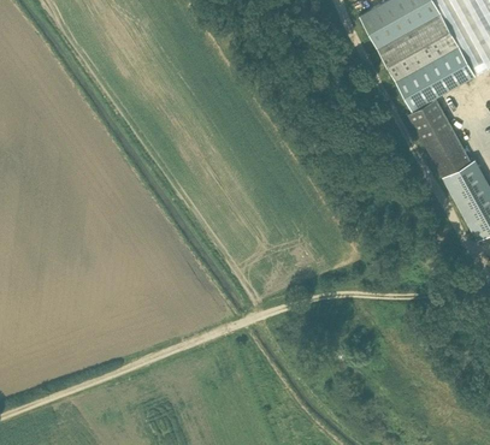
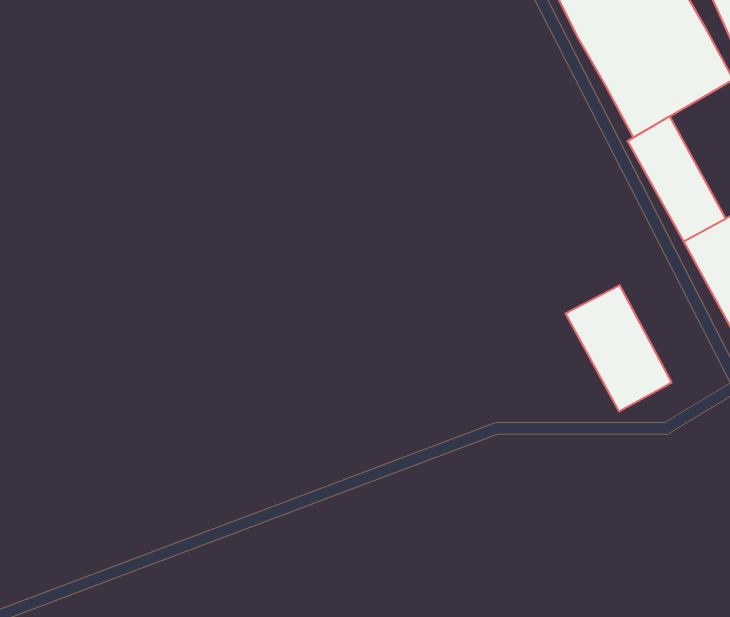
building: none -> [565,285,672,412]

